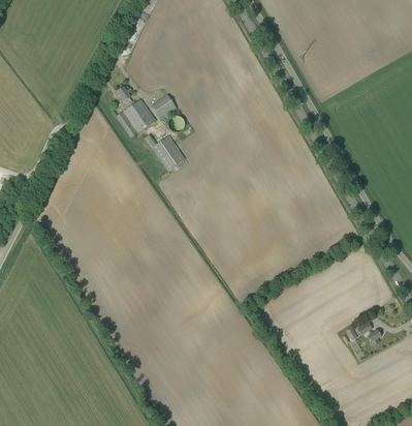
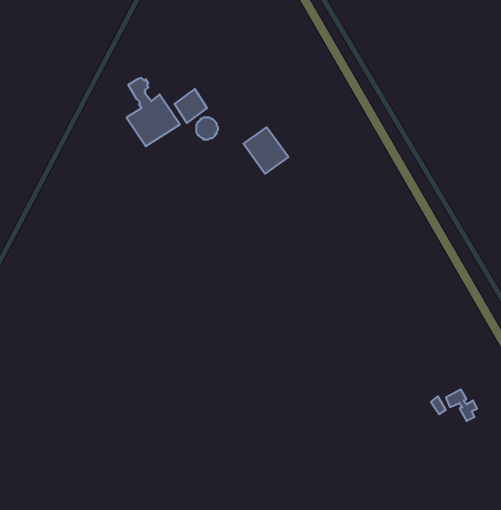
building: [150,134,184,170] -> [243,127,288,174]

